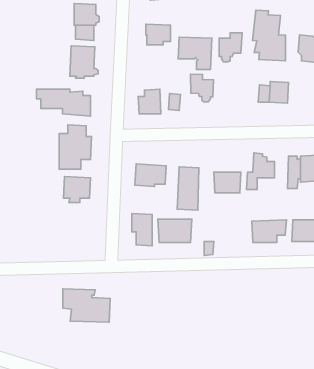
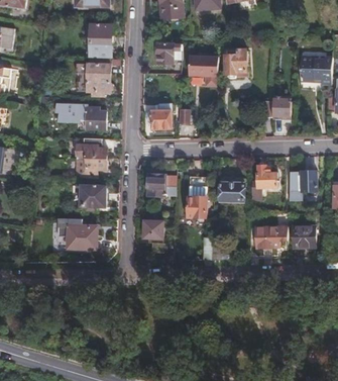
building: [253,10,285,61] -> none
building: [191,74,213,102] -> none
building: [158,219,192,243] -> none
building: [63,289,110,322] -> [52,217,97,249]

